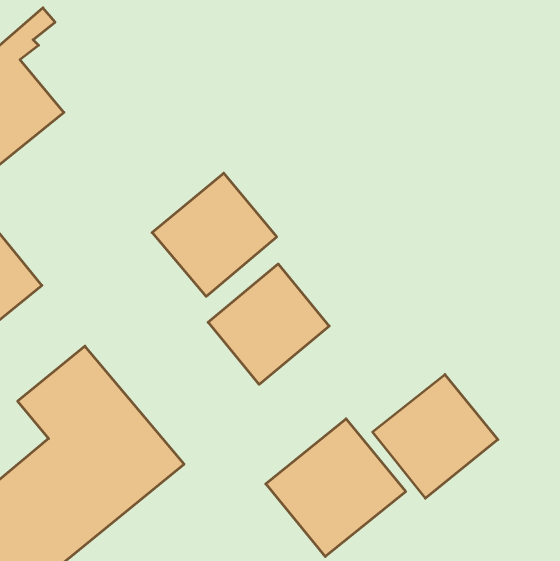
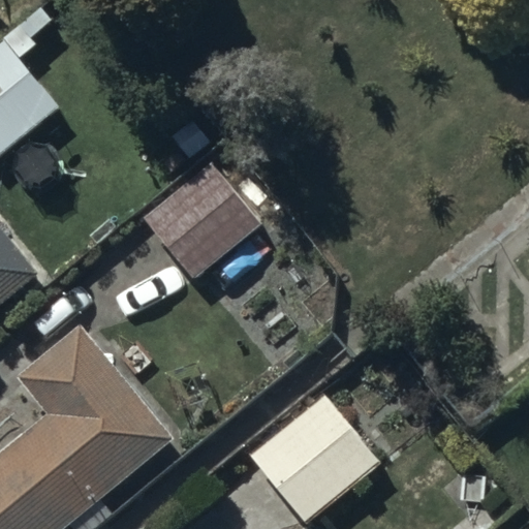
building: [208,264,329,384] -> none
building: [373,374,498,498] -> none

